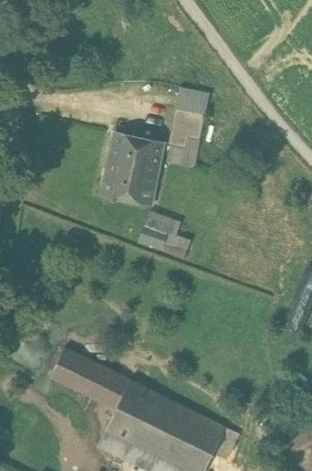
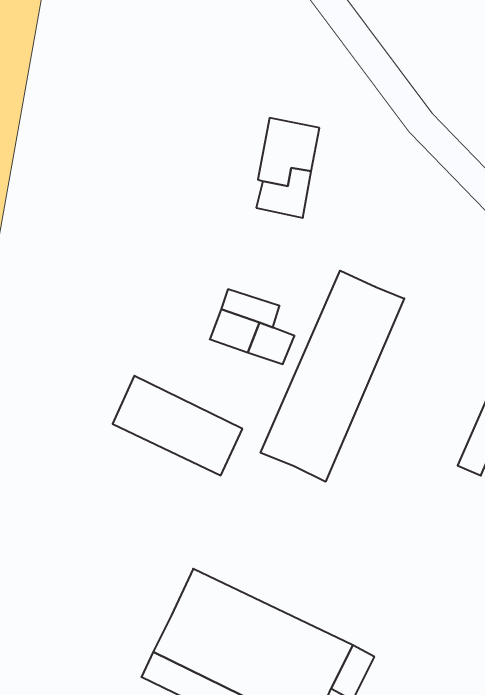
building: [175,87,210,114] -> none
building: [101,132,165,205] -> none
building: none -> [261,271,404,482]
building: [50,349,129,409] -> [113,376,242,475]

